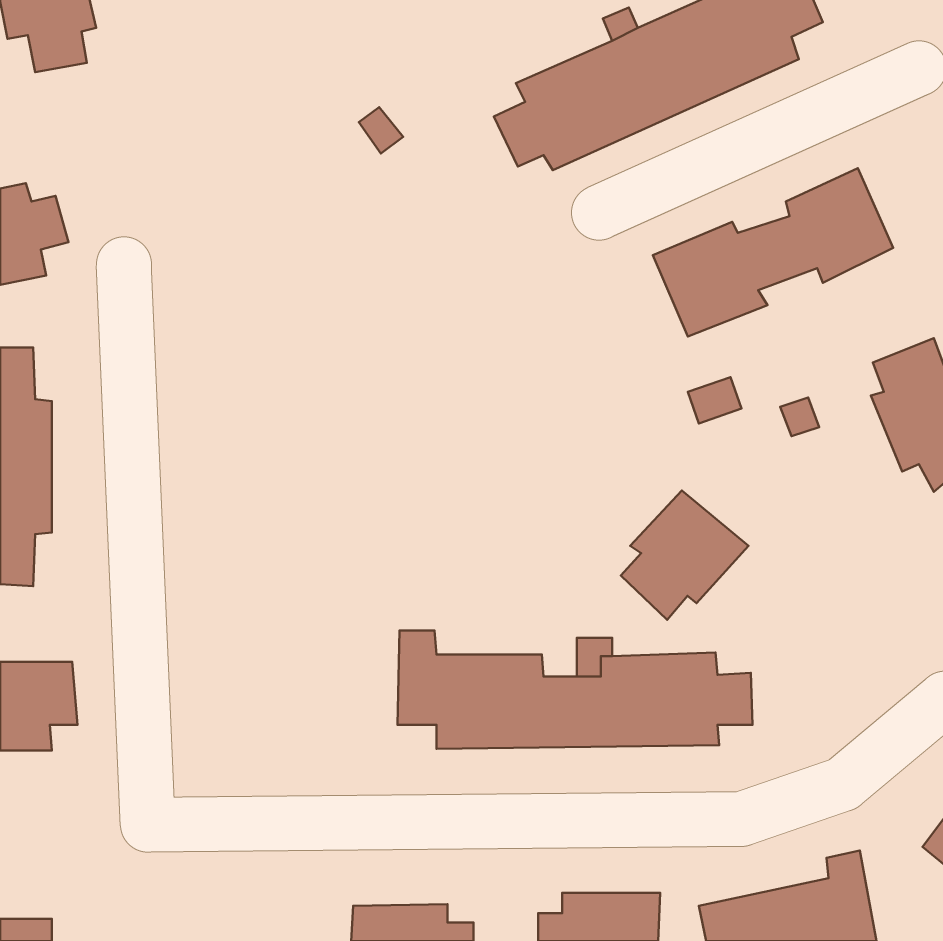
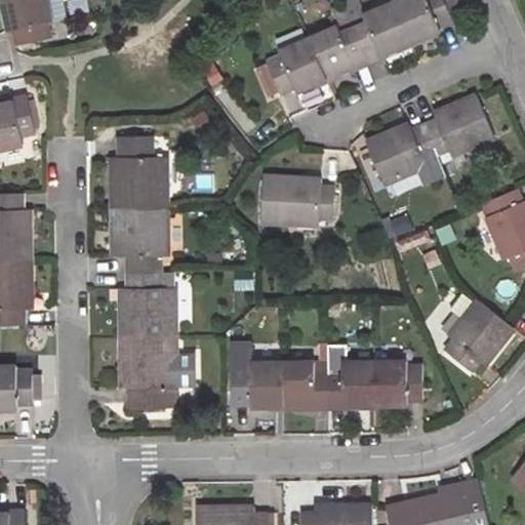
building: none -> [109,136,176,407]
building: none -> [264,178,332,226]
building: [621,490,748,620] -> [429,307,499,378]

